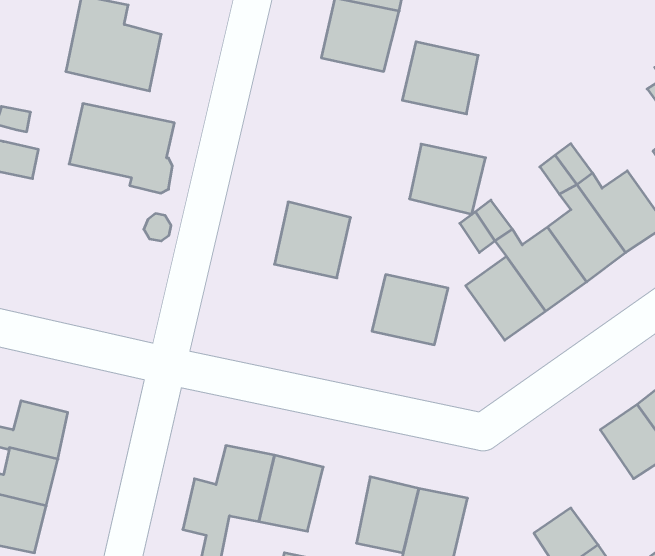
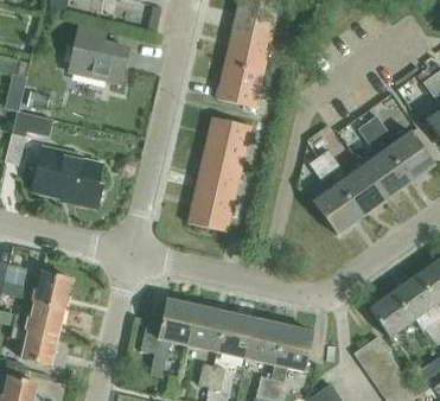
building: [402,42,478,114] -> [217,62,263,106]
building: [69,104,174,193] -> [38,151,102,205]
building: [409,144,486,214] -> [205,116,251,159]
building: [372,275,448,345] -> [189,187,235,230]
building: none -> [369,288,415,337]
building: none -> [217,311,255,357]

